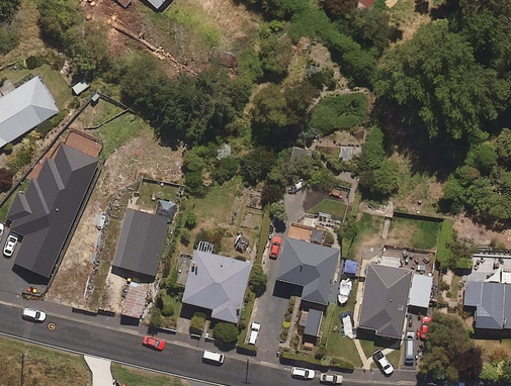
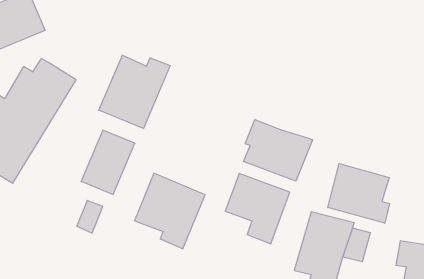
building: none -> [99,55,170,128]
building: none -> [244,119,313,181]
building: none -> [328,164,390,223]

